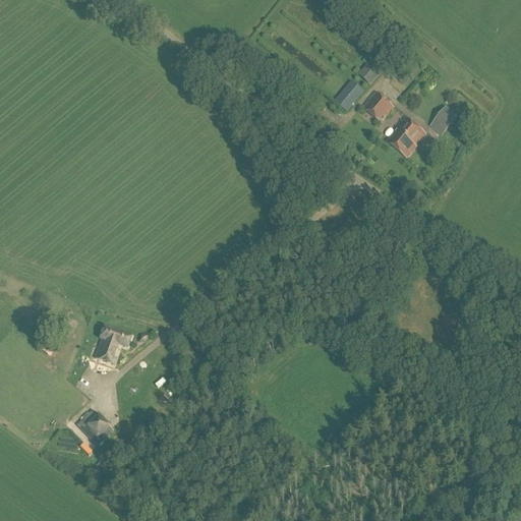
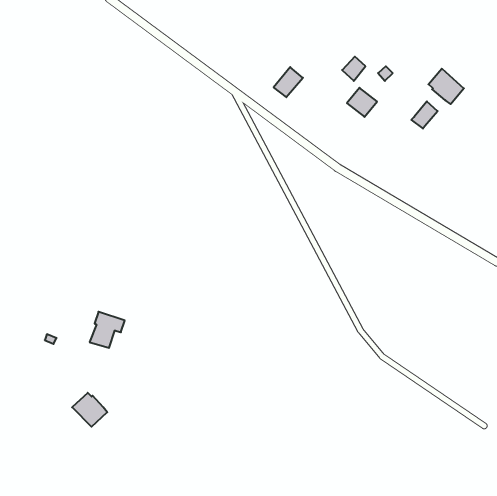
building: none -> [428,69,464,104]
building: [333,79,363,111] -> [274,67,303,97]
building: [386,117,424,158] -> none

